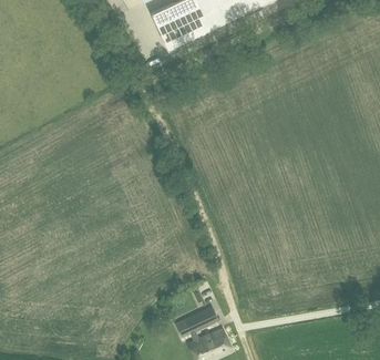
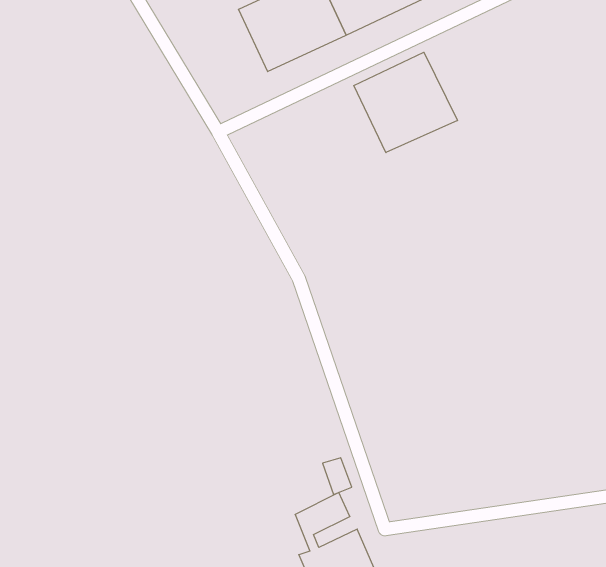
building: none -> [354,52,457,153]

